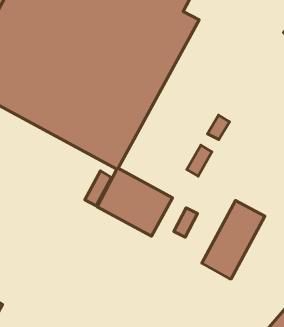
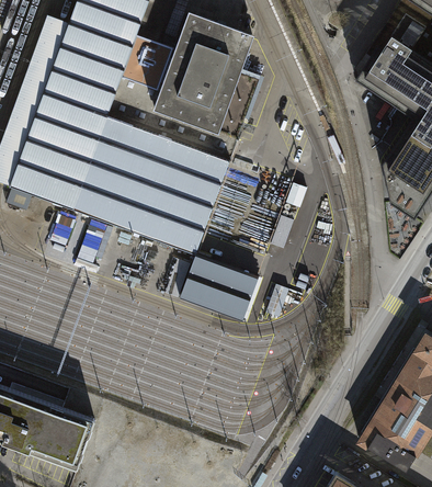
building: [202,200,265,279] -> none

